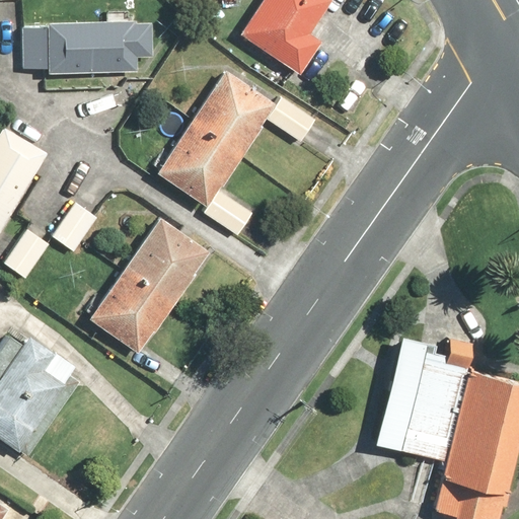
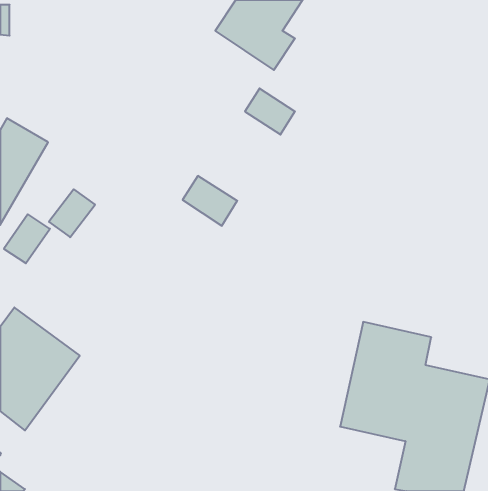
building: [14,18,146,73] -> none
building: [147,66,266,201] -> none
building: [87,216,216,351] -> none

